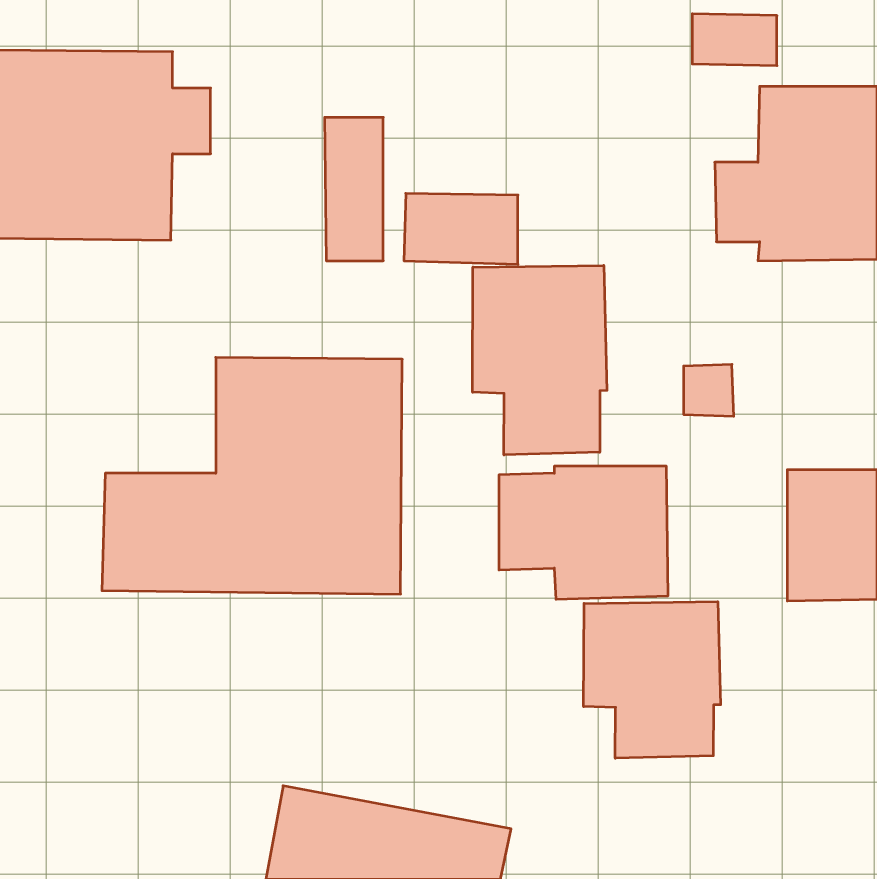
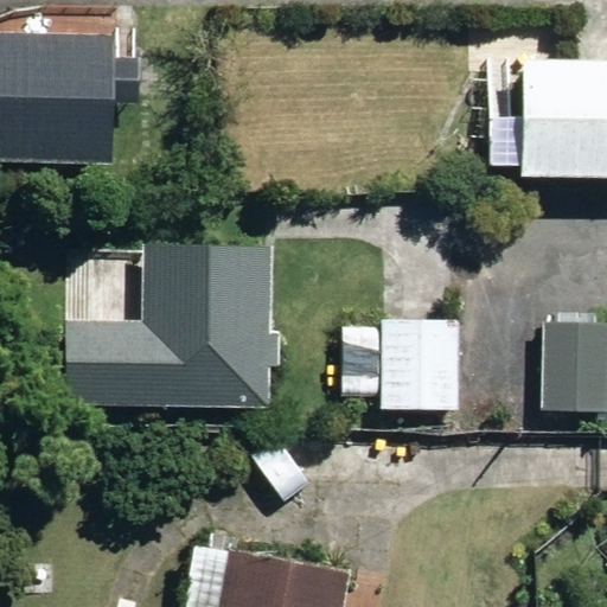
building: [473,265,607,455] -> none
building: [584,602,721,758] -> none

